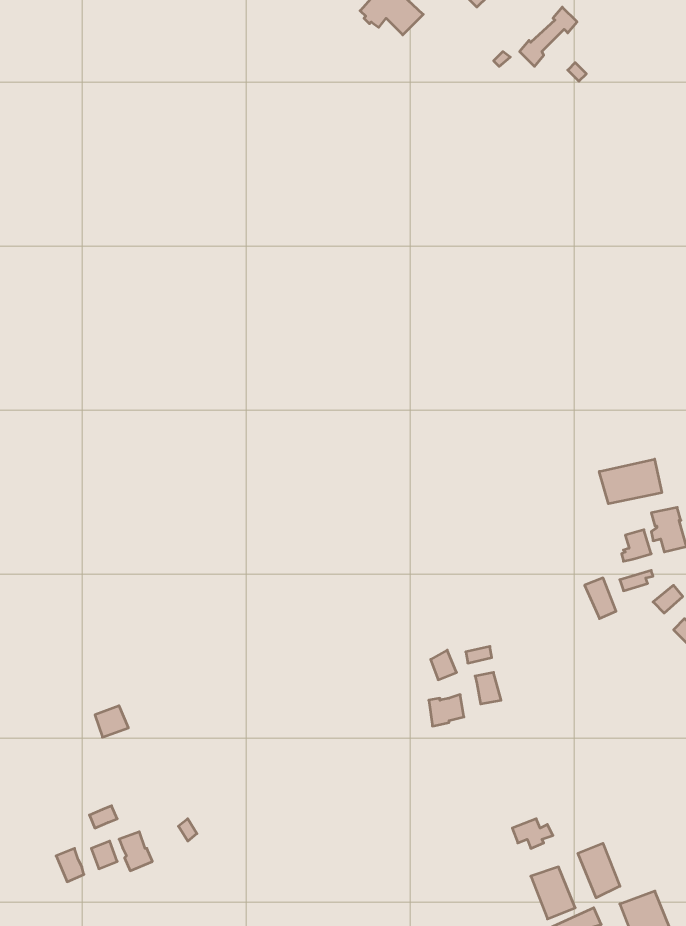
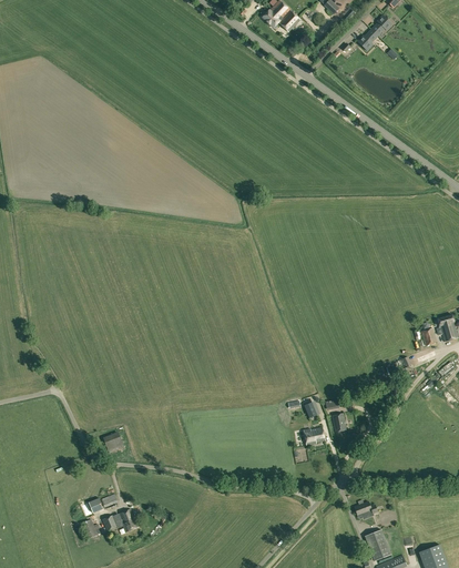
building: [599,459,662,504] -> none
building: [578,843,620,898] -> none

